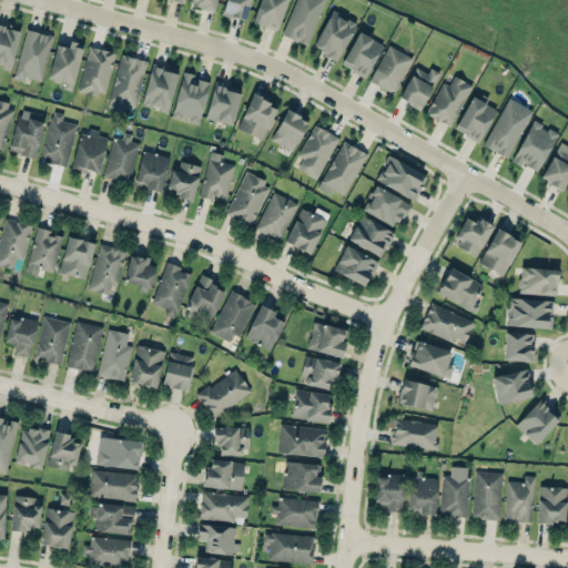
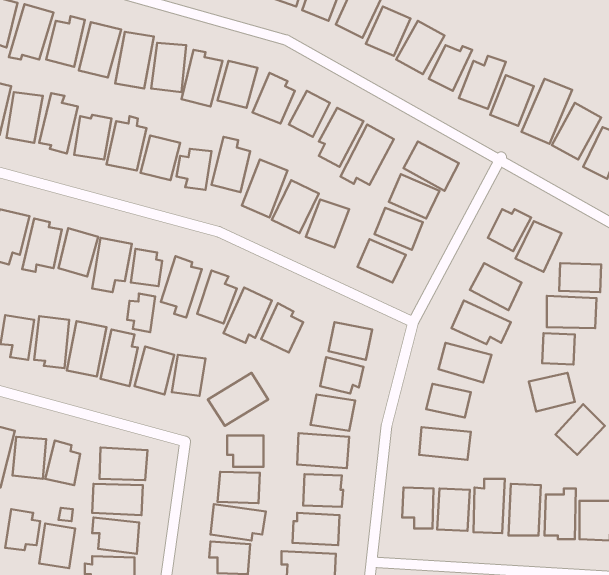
building: none -> [127,293,155,332]

